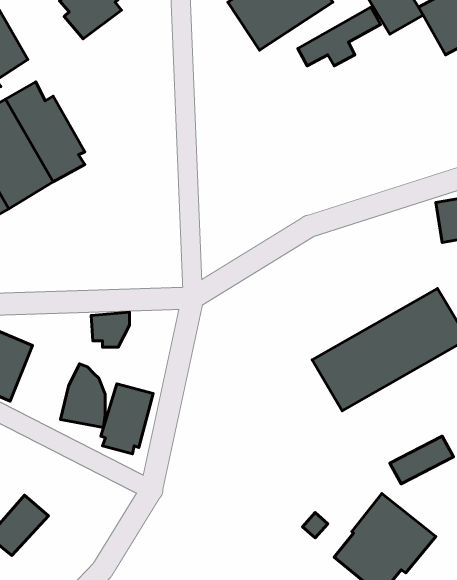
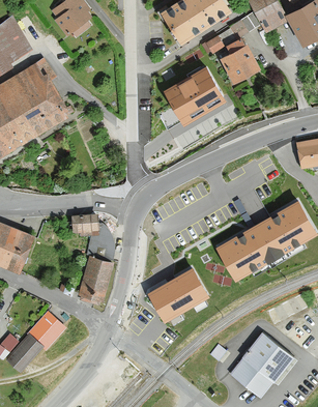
building: none -> [220,45,259,83]
building: none -> [164,66,225,124]
building: [61,364,105,427] -> [84,222,113,263]
building: none -> [147,267,209,321]
building: none -> [28,311,65,348]

